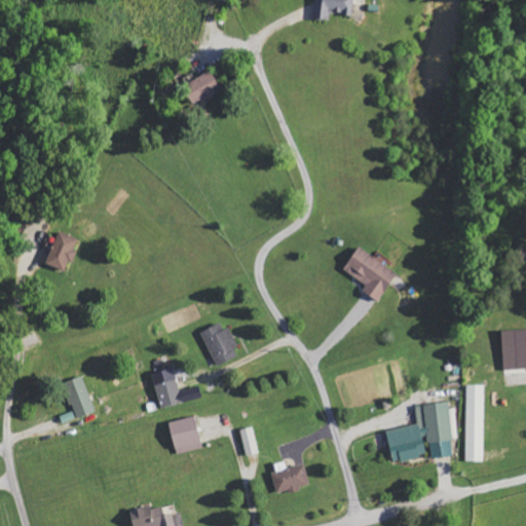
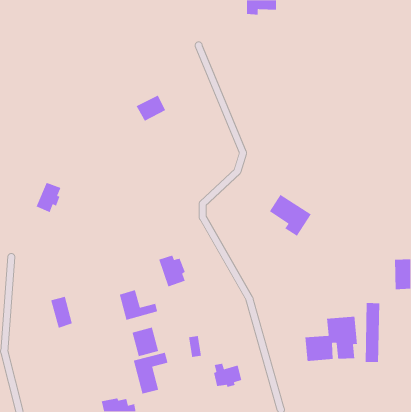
building: [182,70,221,105] -> [135,94,166,122]
building: none -> [133,352,168,394]

